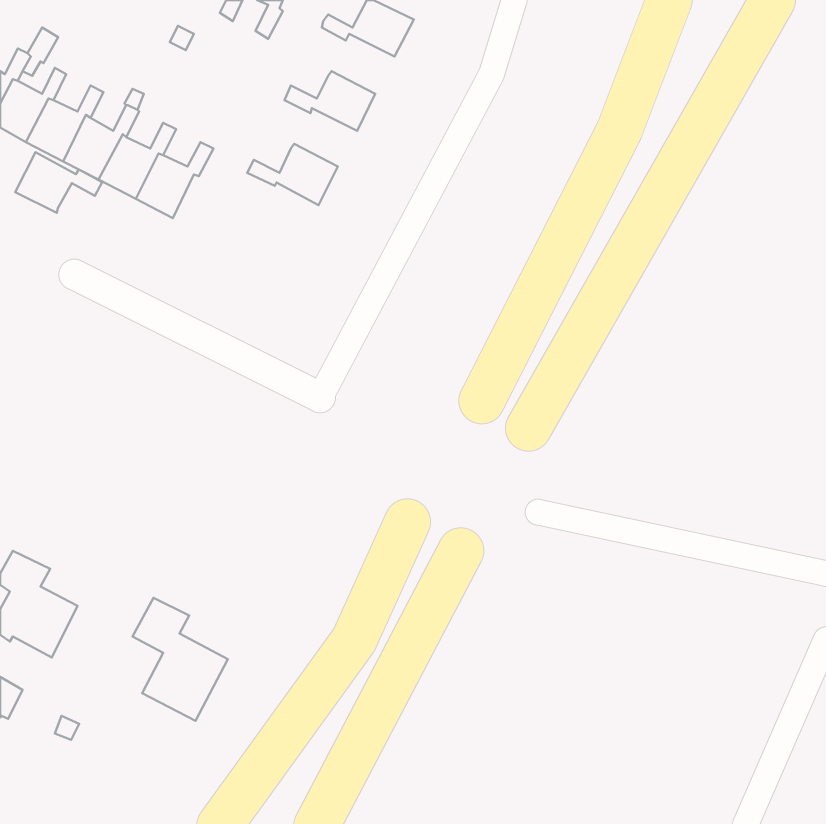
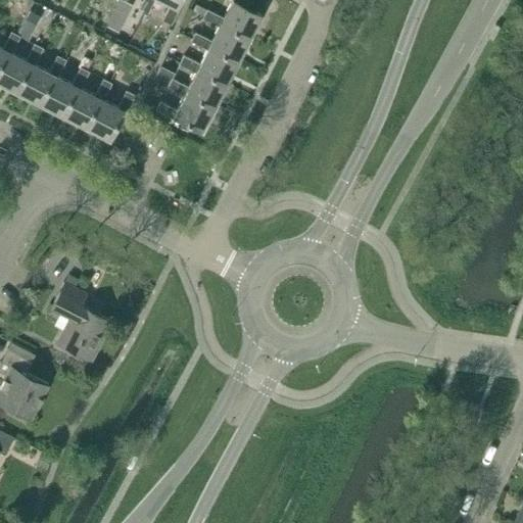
building: none -> [191,22,249,60]
building: none -> [168,69,226,106]
building: [15,152,102,213] -> none
building: [133,598,228,721] -> [51,282,111,360]

